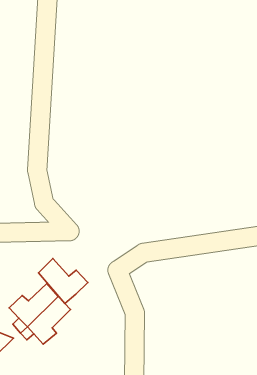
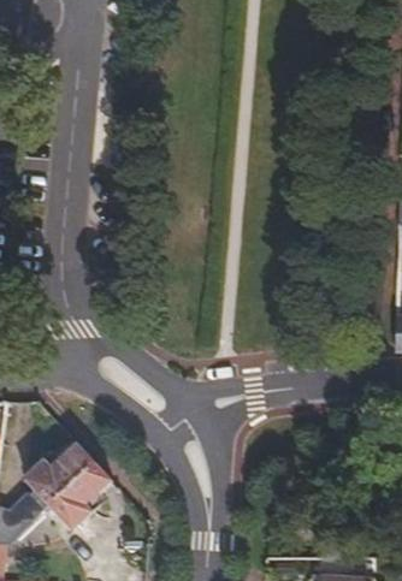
building: [38,259,88,304] -> none

